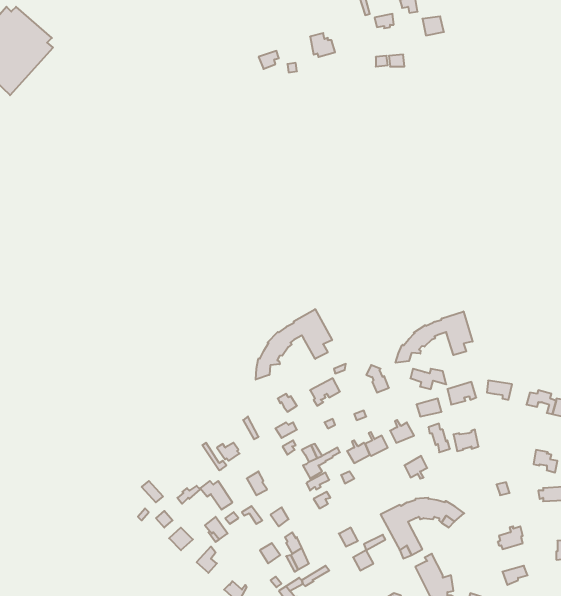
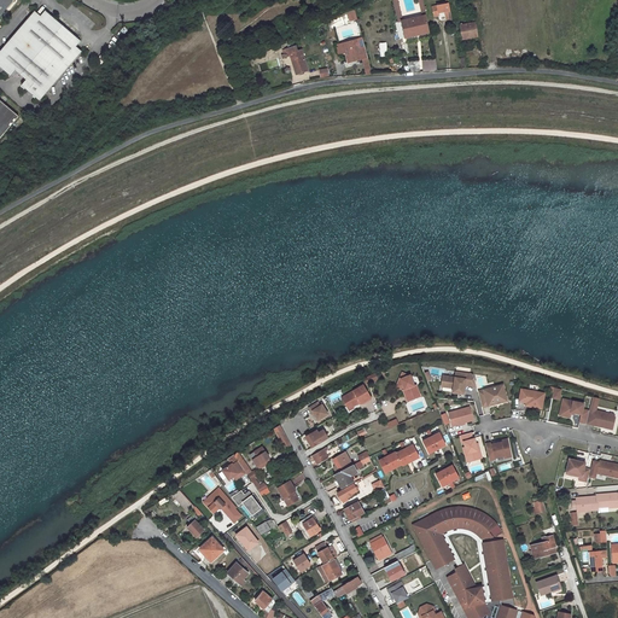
building: [256,309,332,380] -> none
building: [396,311,473,363] -> none
building: none -> [482,538,514,600]

